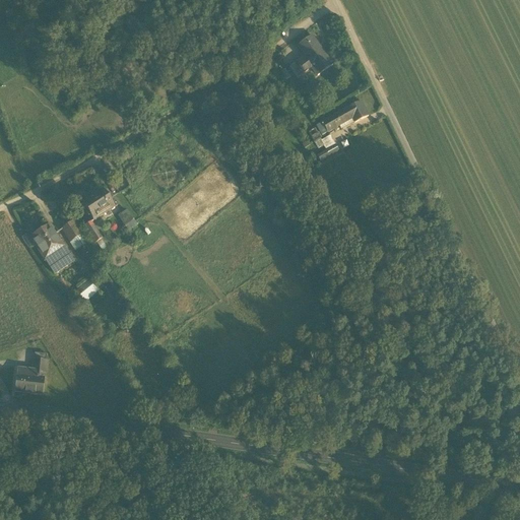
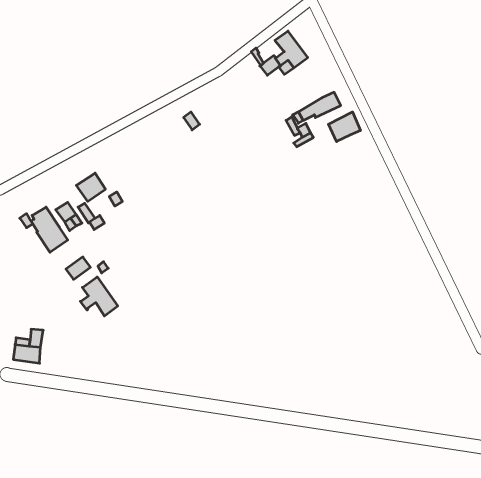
building: none -> [328,112,360,142]
building: none -> [80,277,118,316]

